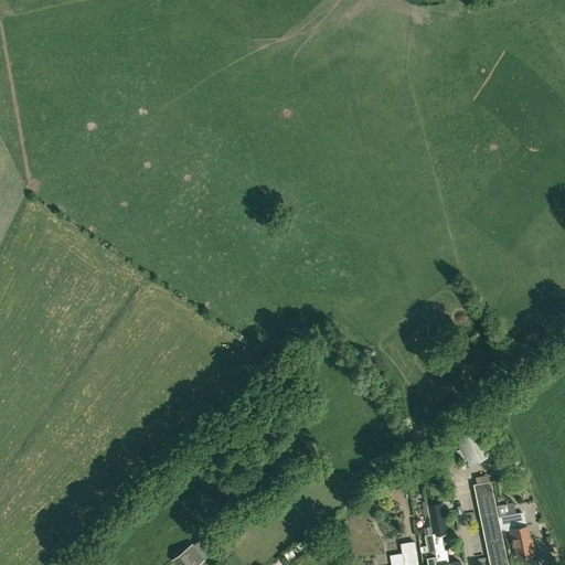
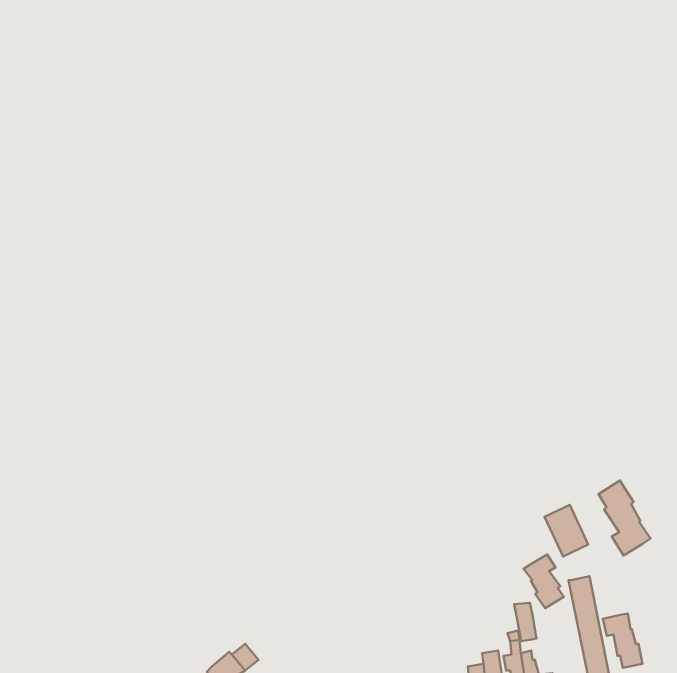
building: none -> [598,481,651,556]
building: none -> [524,555,564,608]

